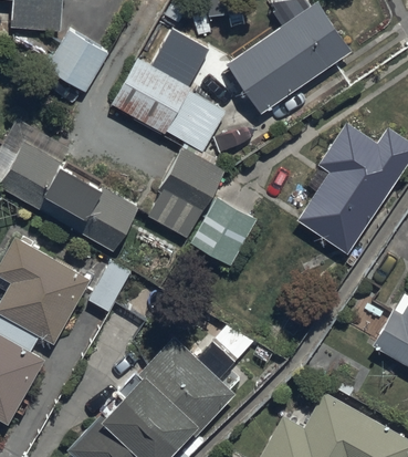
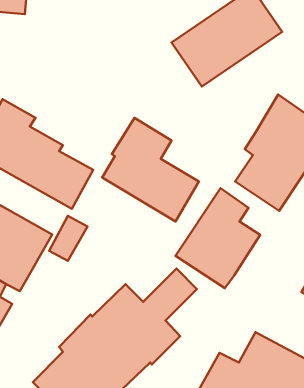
building: [109,30,224,152] -> none
building: [45,31,107,92] -> none
building: none -> [176,188,260,288]

